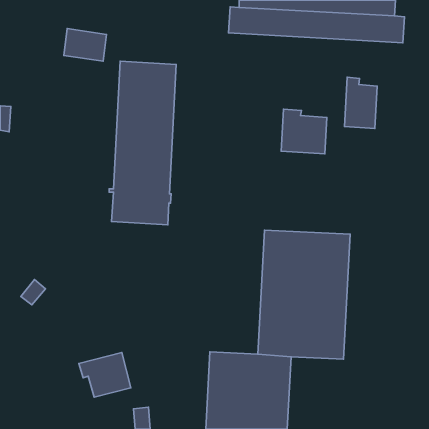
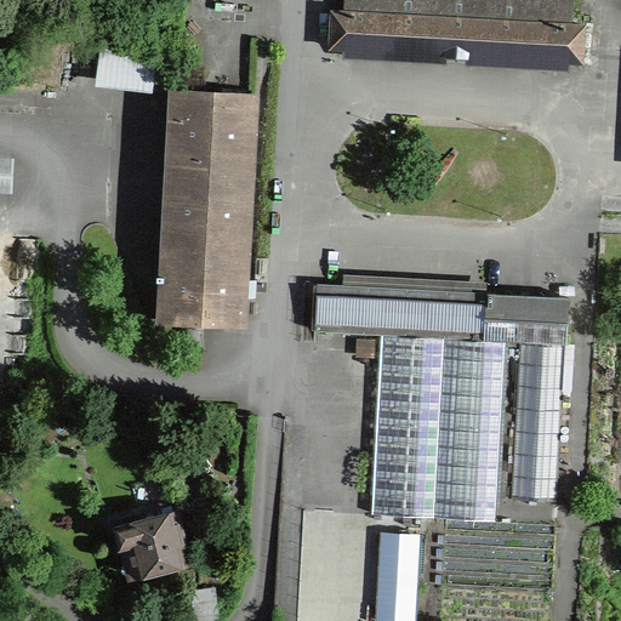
building: [344,77,377,129] -> none
building: [281,109,327,154] -> none
building: none -> [314,283,569,501]

